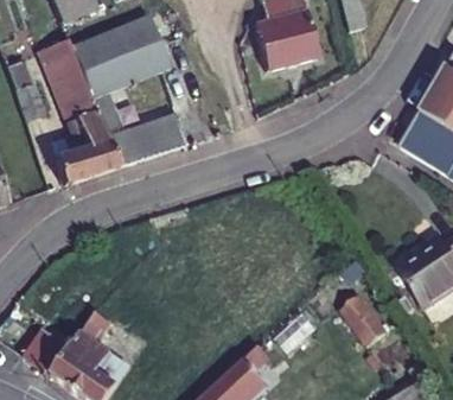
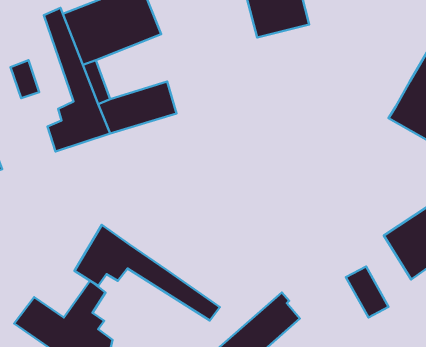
building: none -> [74,225,220,321]

